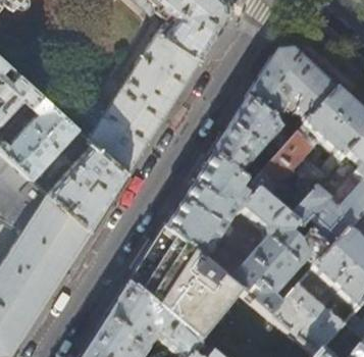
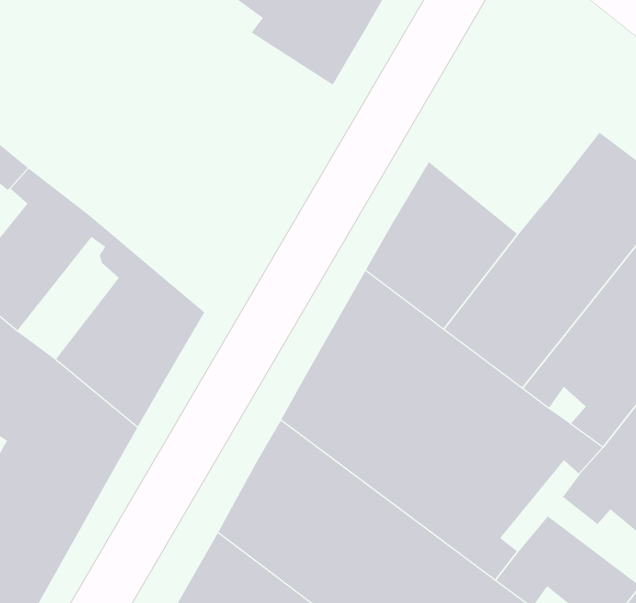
building: [68,32,198,174] -> none
building: [245,53,333,143] -> none

